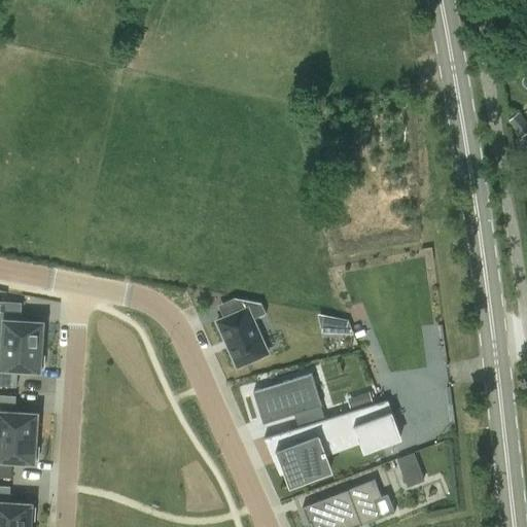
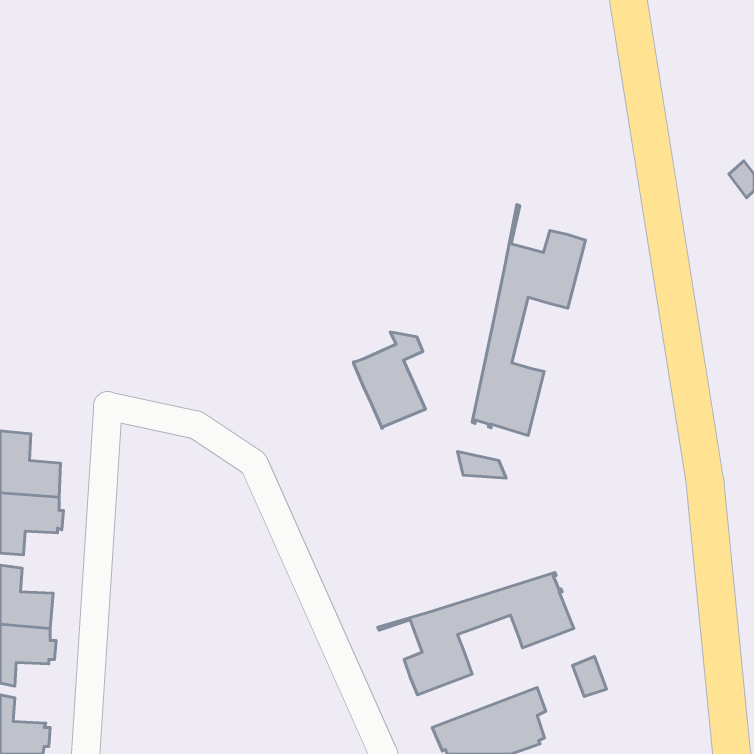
building: none -> [472,204,585,436]
building: [217,301,268,367] -> [353,332,426,428]
building: [253,373,324,427] -> none

